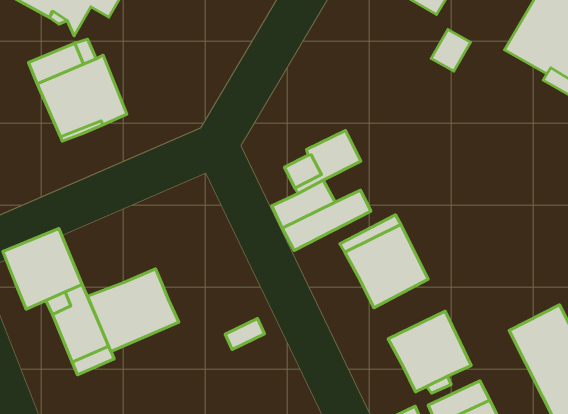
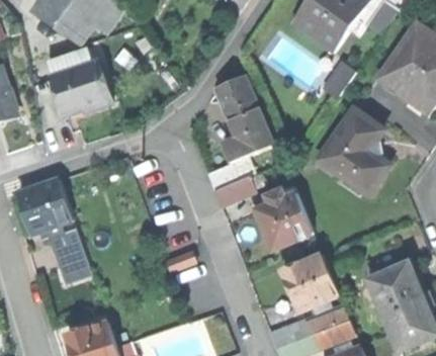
building: none -> [215,79,263,137]
building: none -> [319,109,388,193]
building: [88,269,179,351] -> none

